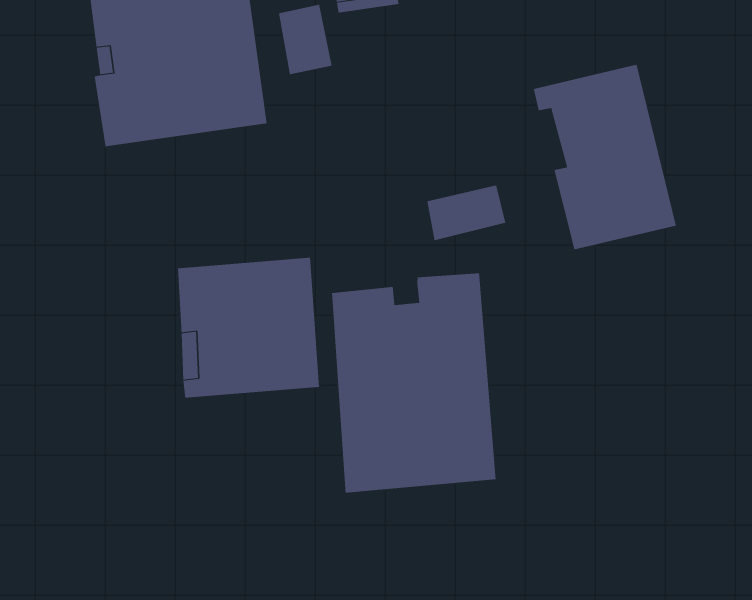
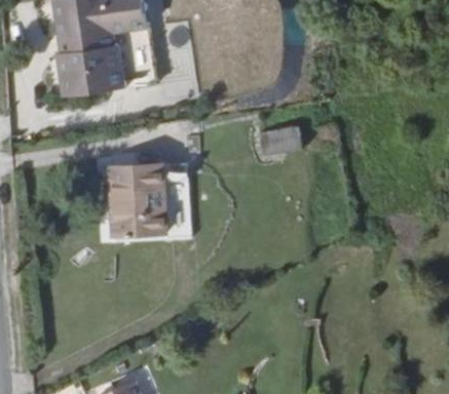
building: [533,64,677,250] -> none
building: [331,273,496,493] -> none

